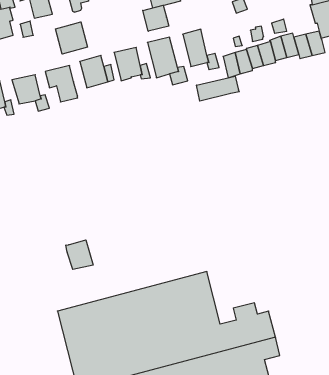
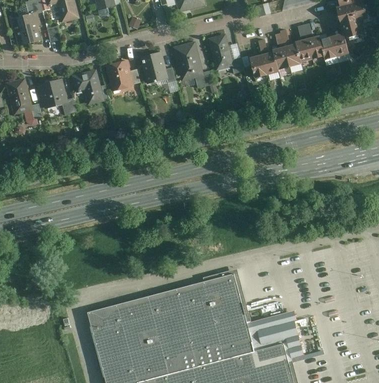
building: [143,5,169,31] -> none
building: [56,22,87,54] -> none
building: [197,76,239,101] -> none
building: [66,240,93,269] -> none

